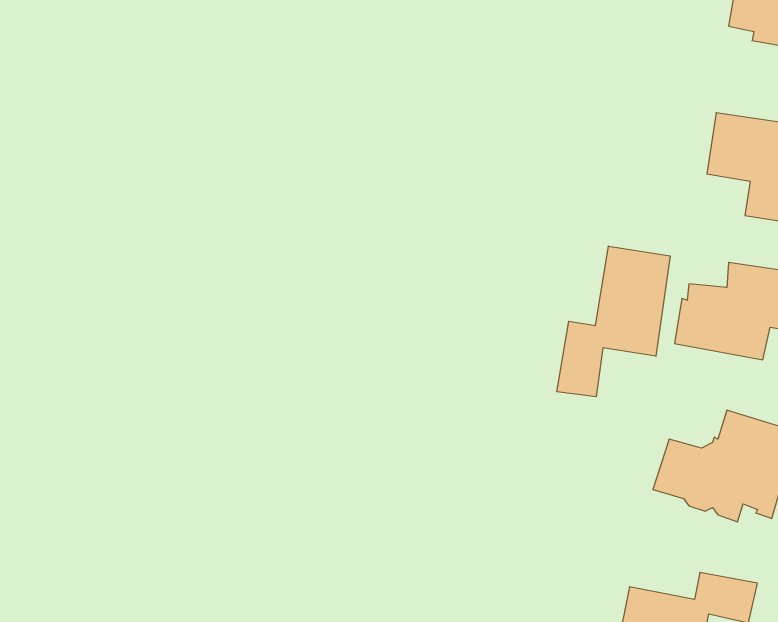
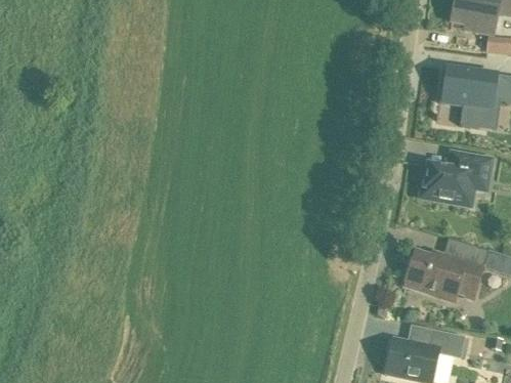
building: [557,246,670,397] -> none

